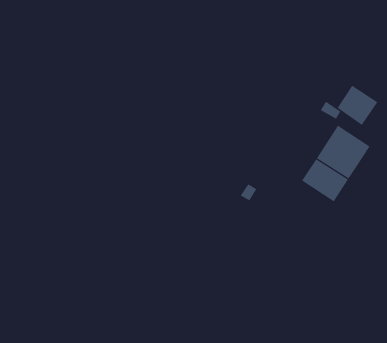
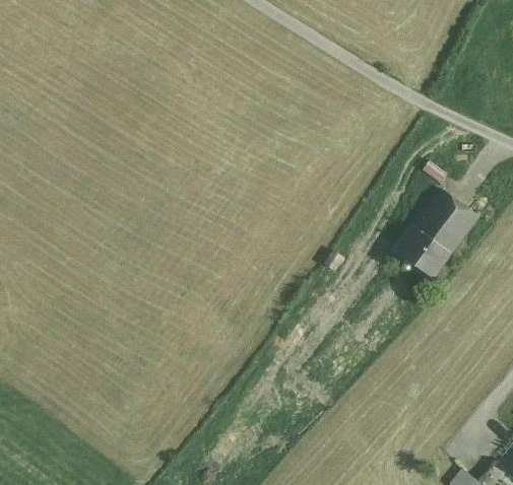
building: [337,85,378,126] -> none

